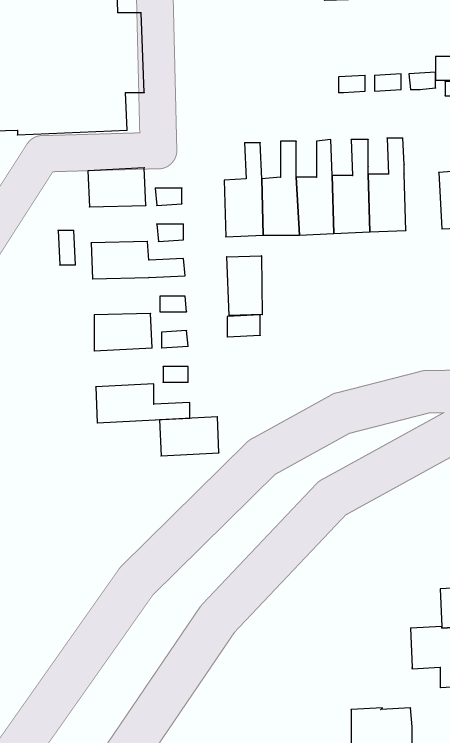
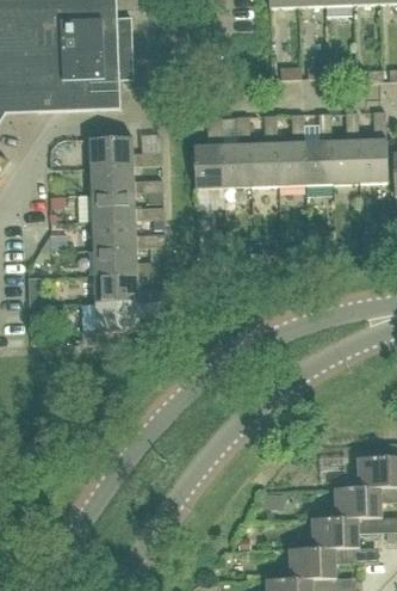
building: none -> [329,112,358,184]
building: none -> [89,165,134,193]
building: [227,256,262,315] -> none
building: none -> [92,220,136,248]
building: [159,417,219,456] -> [93,273,138,303]
building: none -> [311,517,358,562]

